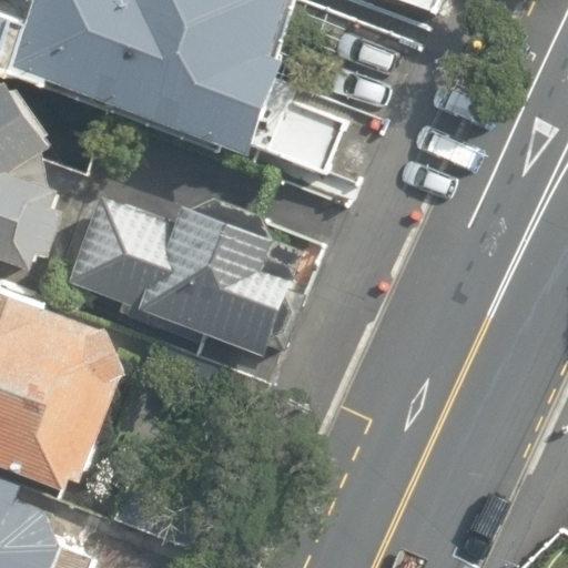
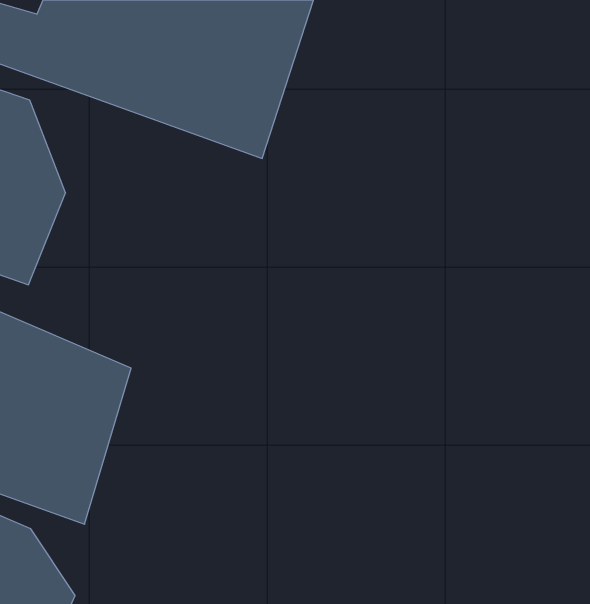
building: [71,199,292,358] -> none

